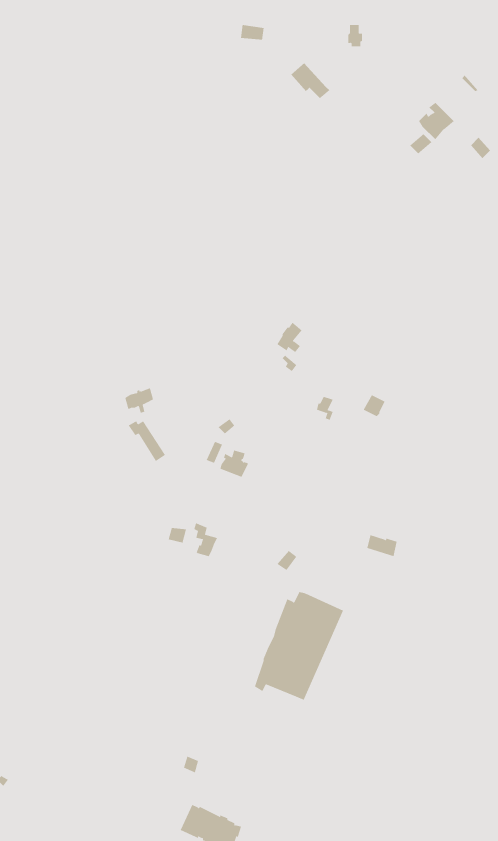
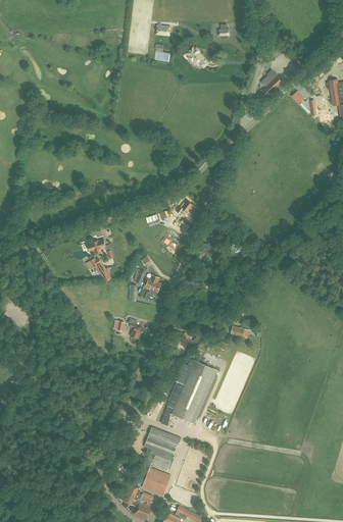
building: none -> [138,427,180,494]

